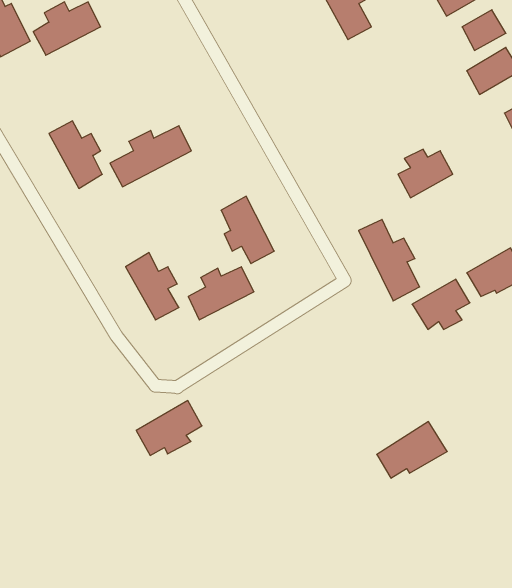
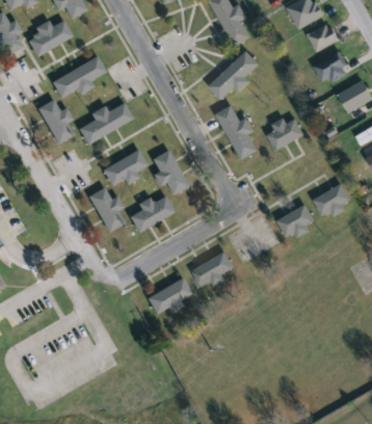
building: none -> [210,50,260,99]
building: none -> [51,55,105,100]
building: none -> [102,149,147,185]
building: [359,219,420,301] -> [218,105,259,159]
building: [136,401,202,455] -> [148,277,191,314]
building: [377,422,447,478] -> [191,250,238,288]

